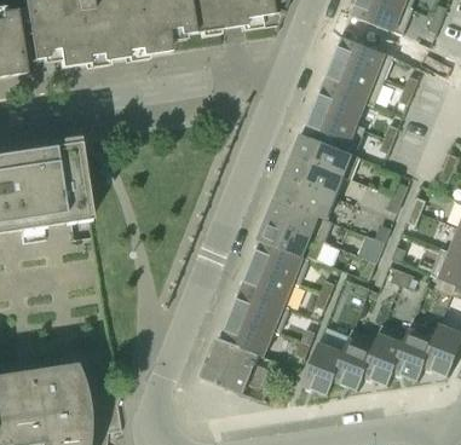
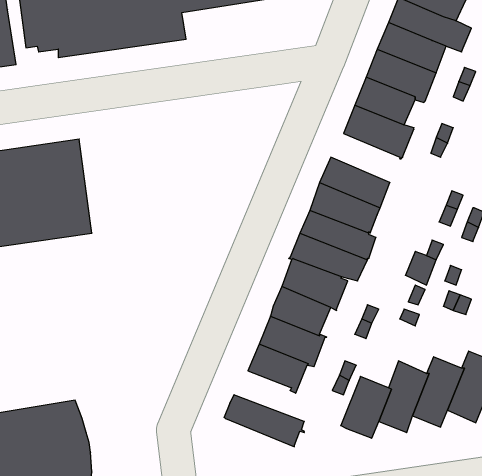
building: [293,132,352,175] -> none
building: [209,336,280,381] -> none

